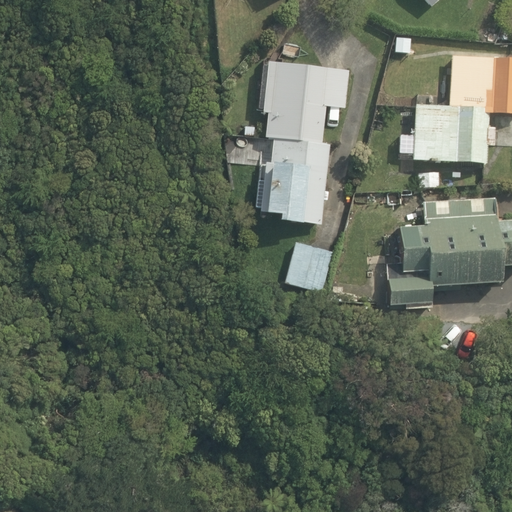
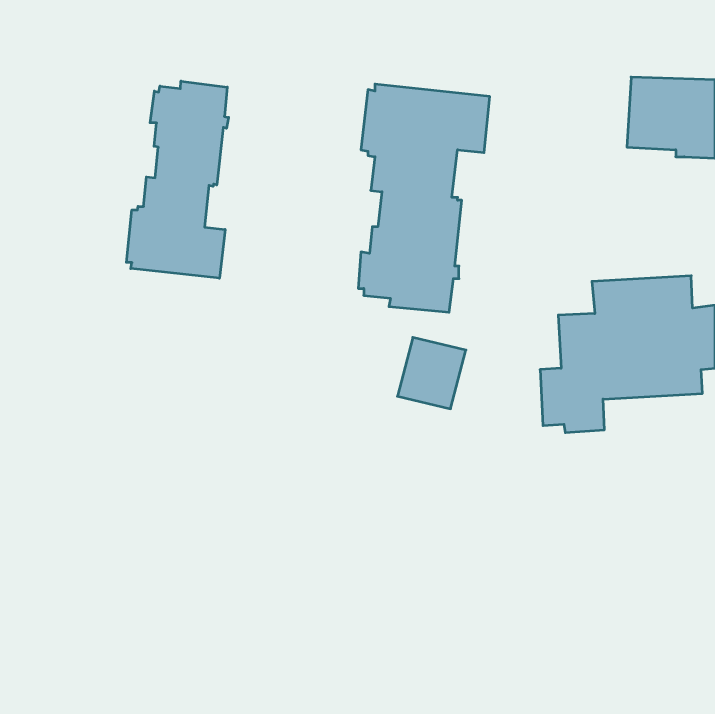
building: none -> [126,81,229,278]
building: [413,103,495,162] -> none

